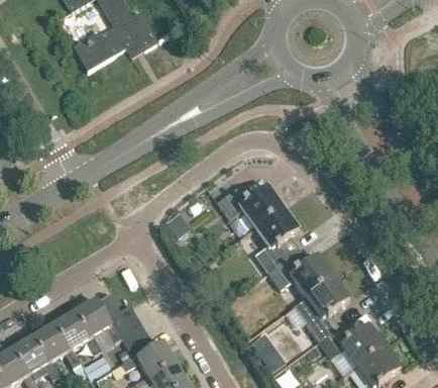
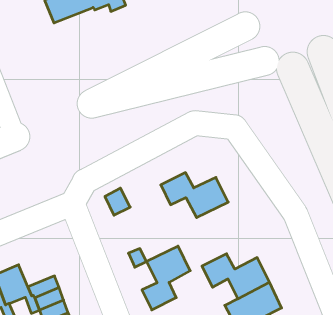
building: [254,207,297,271] -> [142,246,190,310]

